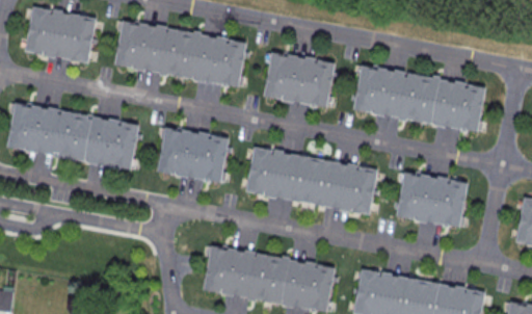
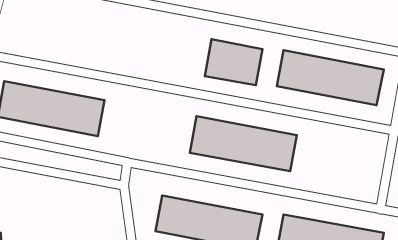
building: [24,6,96,63] -> none
building: [114,20,247,88] -> none
building: [157,125,230,182] -> none
building: [396,169,469,227] -> none

